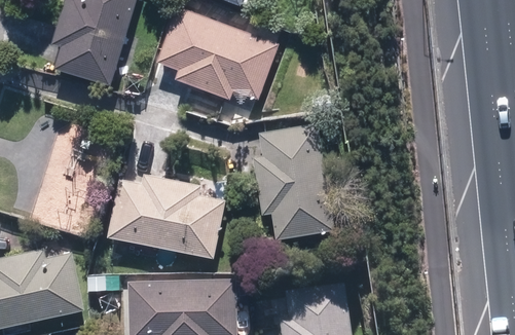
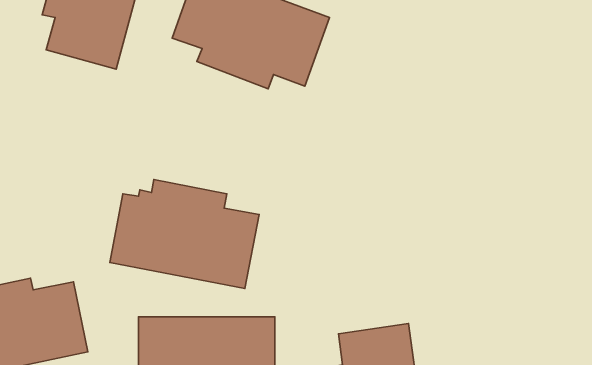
building: [254,122,331,238] -> none

